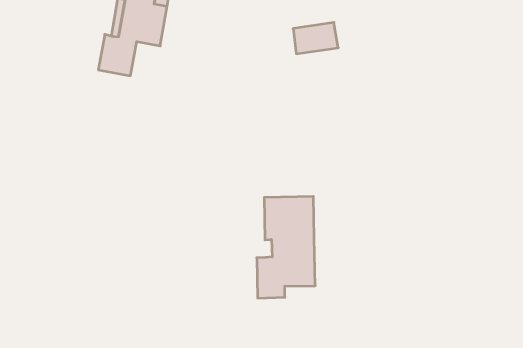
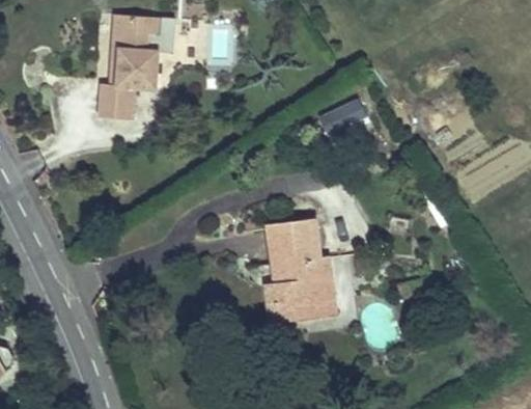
building: [293,22,338,54] -> [322,99,366,132]
building: none -> [296,258,336,319]

